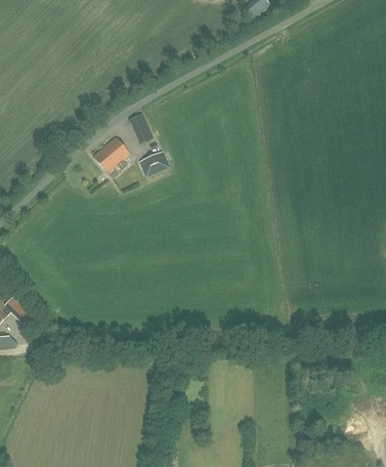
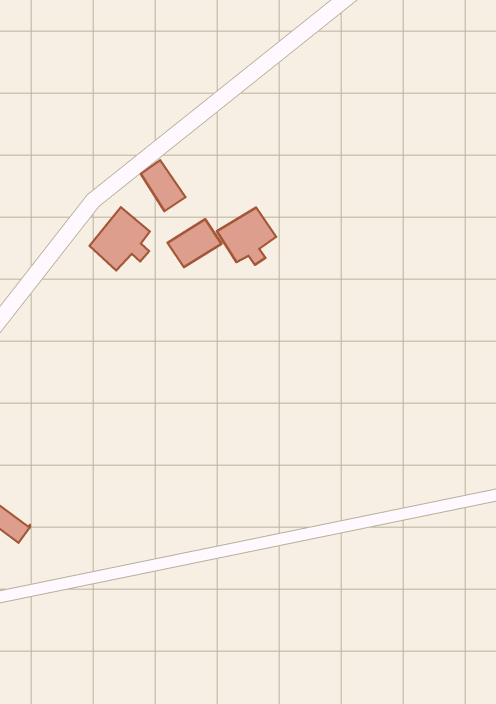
building: none -> [217,207,276,265]

